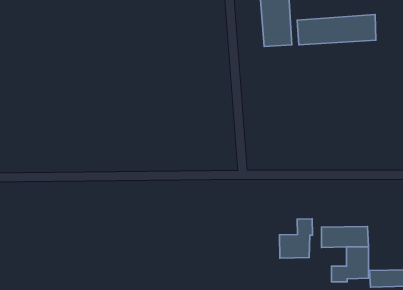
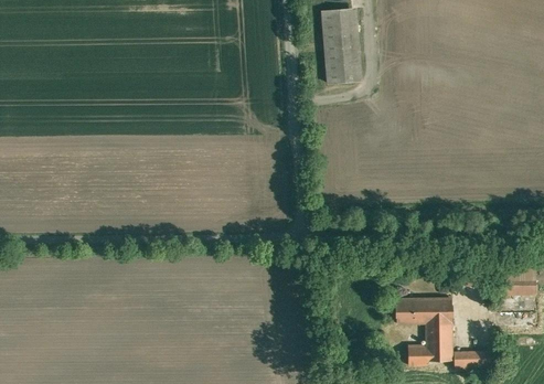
building: [297,15,376,45] -> none
building: [279,219,312,258] -> none

